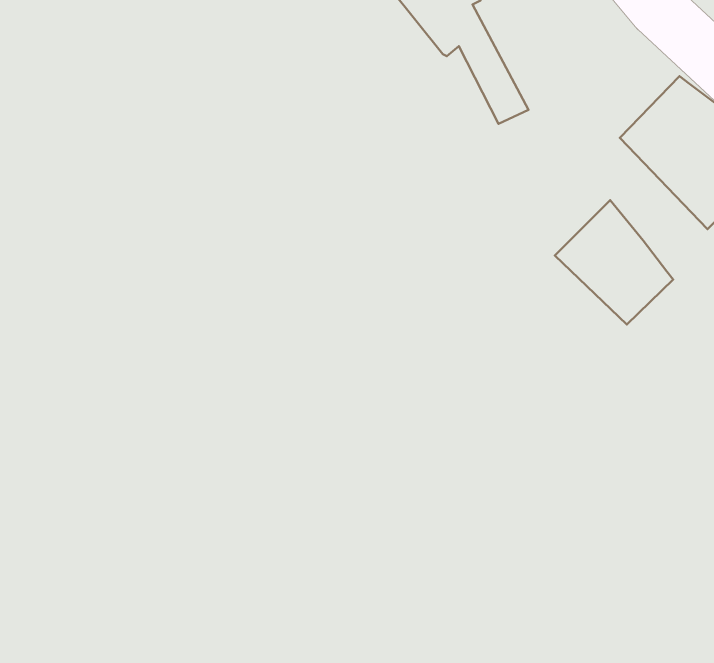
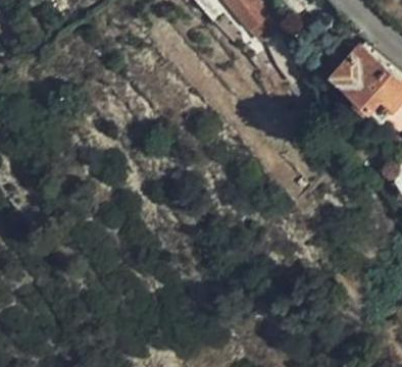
building: [555,200,673,324] -> none

